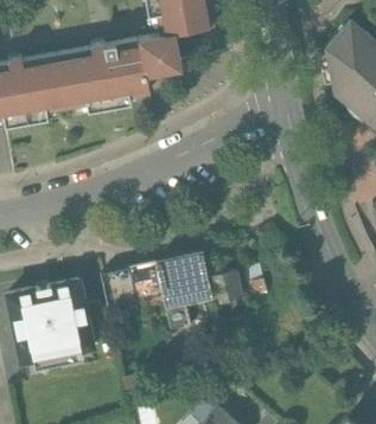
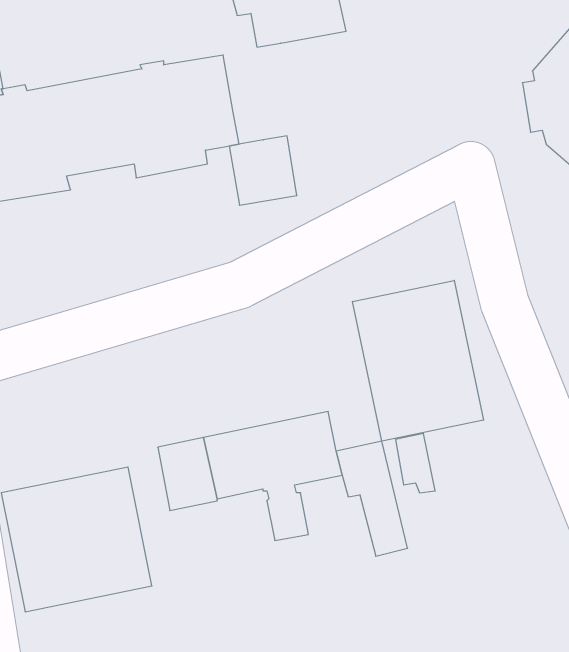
building: [140,32,180,73] -> [230,136,297,205]
building: none -> [353,280,483,441]

